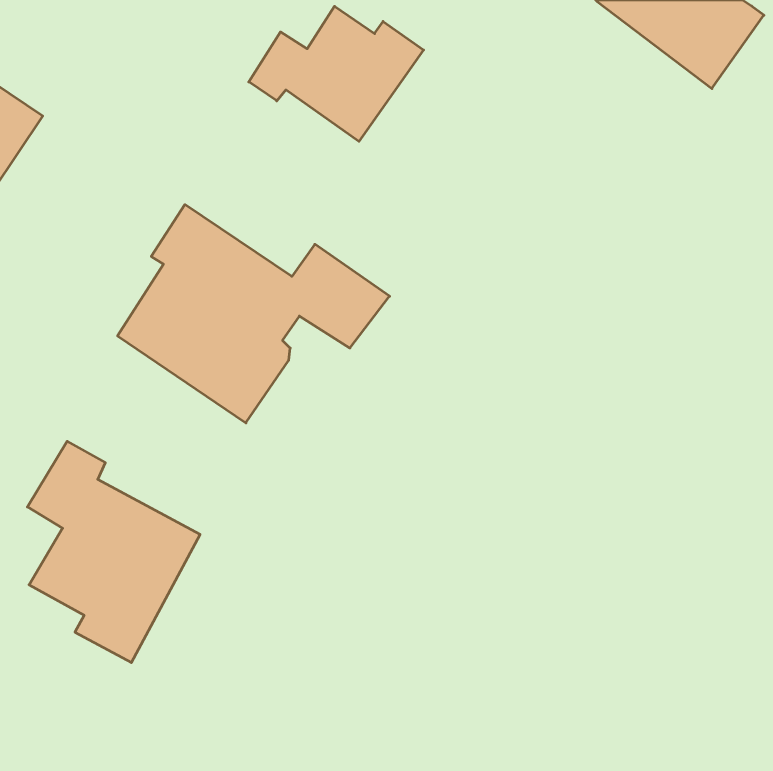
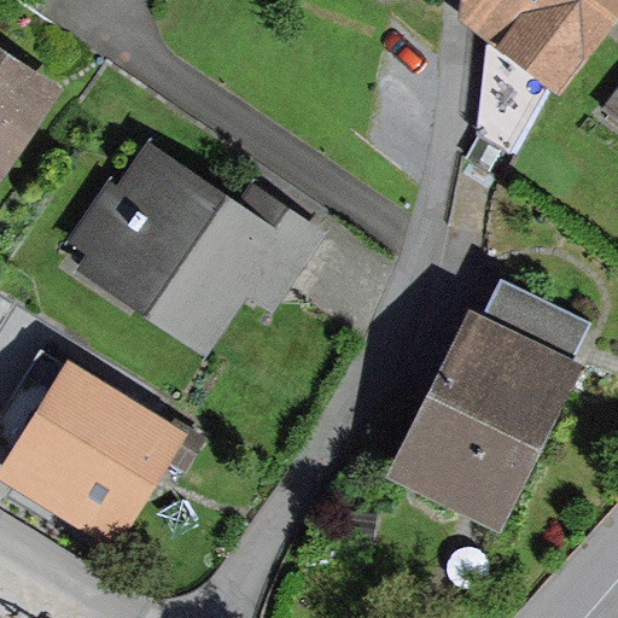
building: [249,6,424,141] -> none
building: none -> [401,290,564,518]

